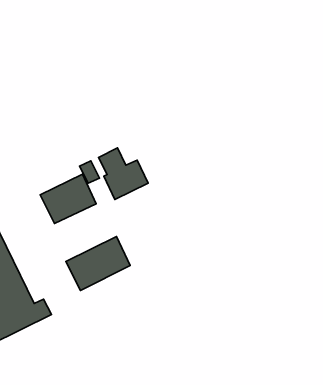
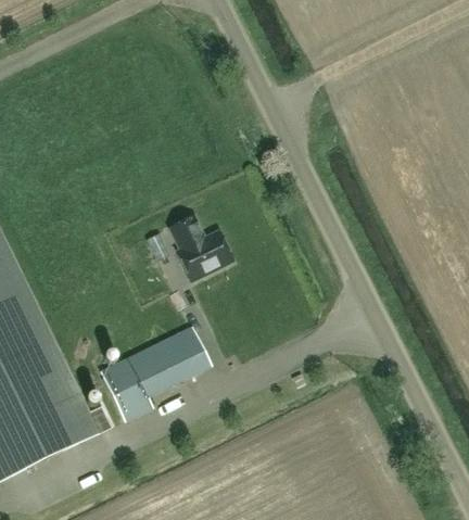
building: [40,174,96,224] -> none
building: none -> [101,359,151,419]

